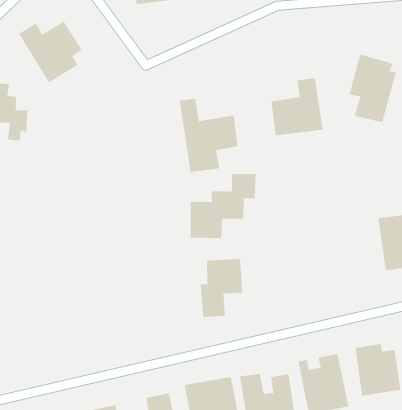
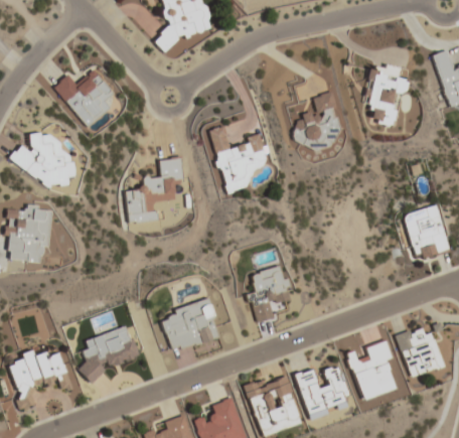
building: [190,173,257,239] -> [125,156,184,223]
building: none -> [162,297,221,351]
building: none -> [81,326,139,382]

